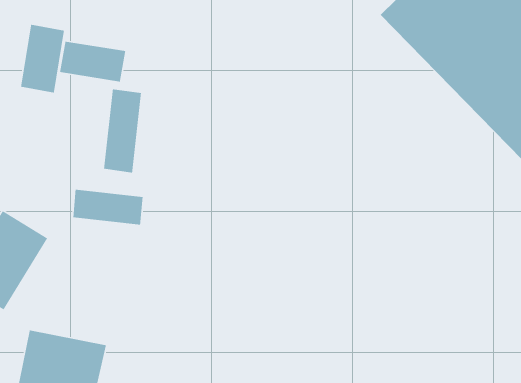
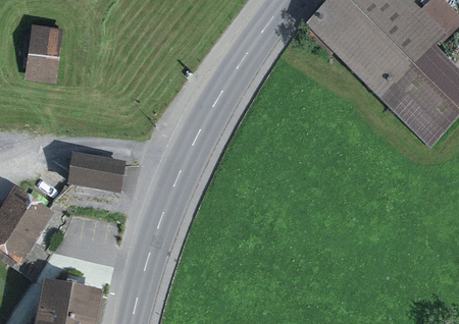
building: [59,41,126,82] -> none
building: [103,89,142,173] -> none

